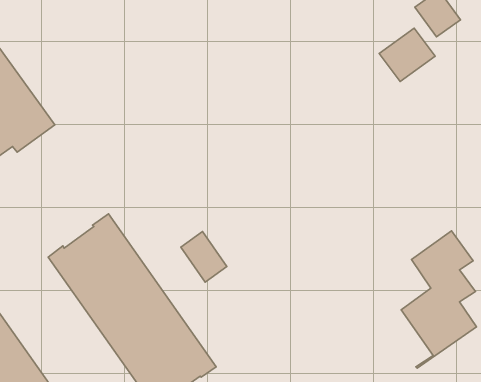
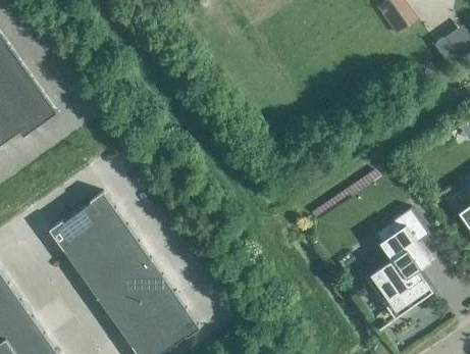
building: [379,28,435,82] -> none
building: [181,232,227,282] -> none

